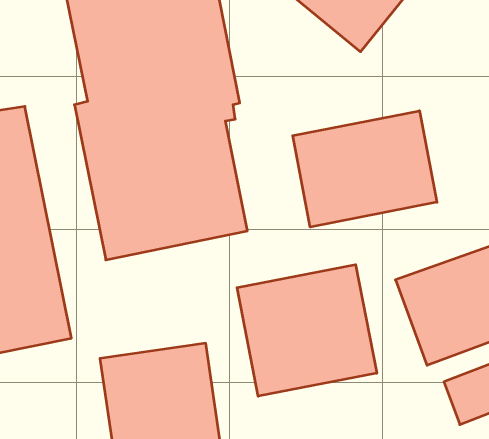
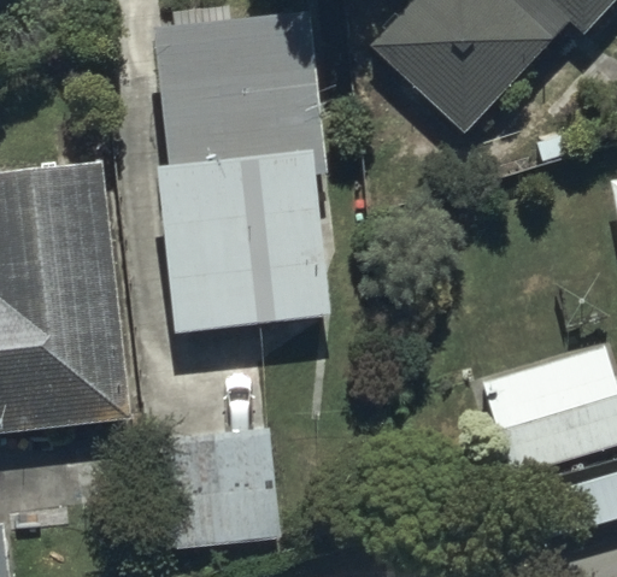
building: [293,111,437,227] -> none
building: [237,265,377,396] -> none

